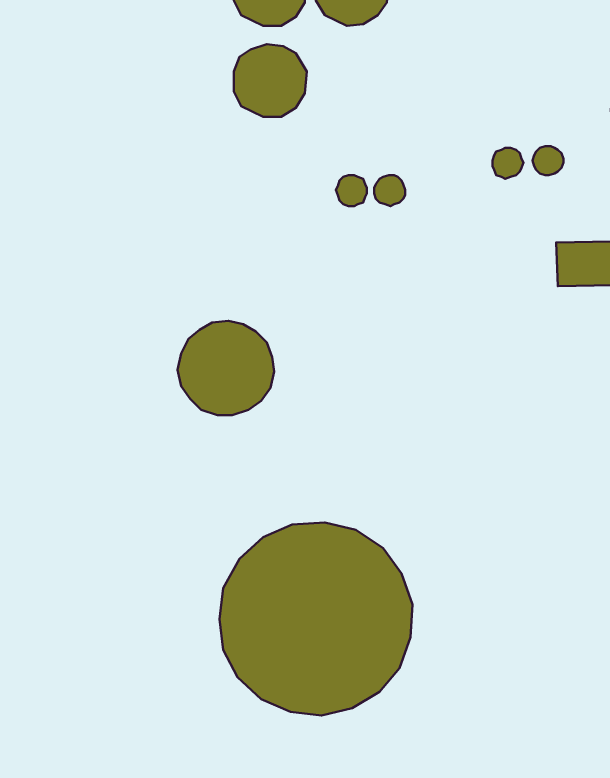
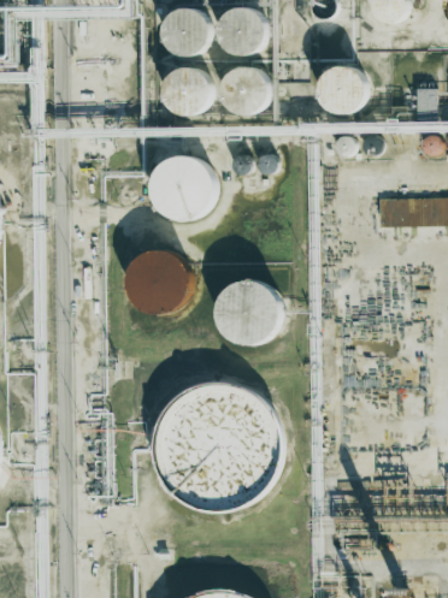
building: none -> [317,64,365,113]
building: none -> [222,65,270,114]
building: none -> [152,155,214,218]
building: none -> [217,280,281,343]

